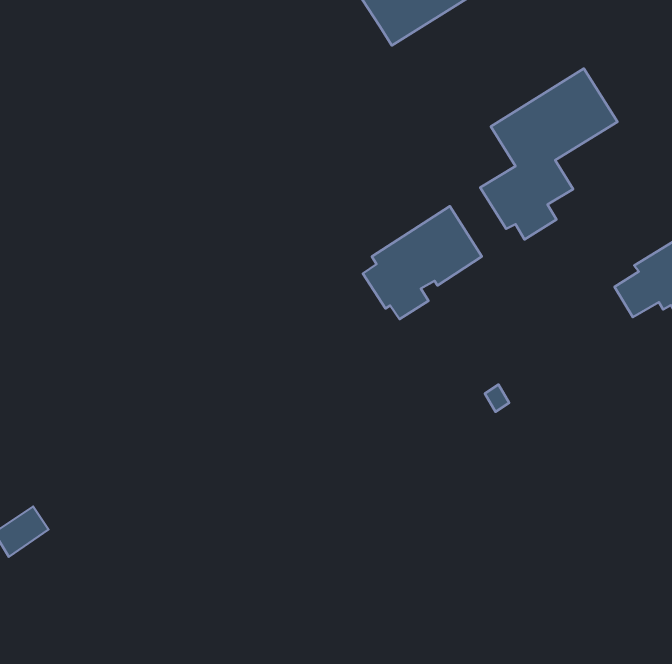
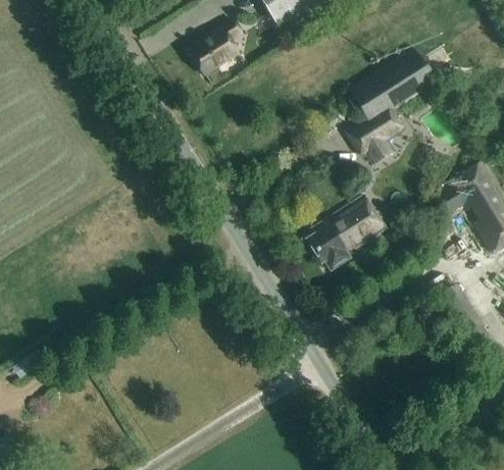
building: none -> [189,18,242,72]
building: [363,206,482,319] -> [307,193,387,268]

